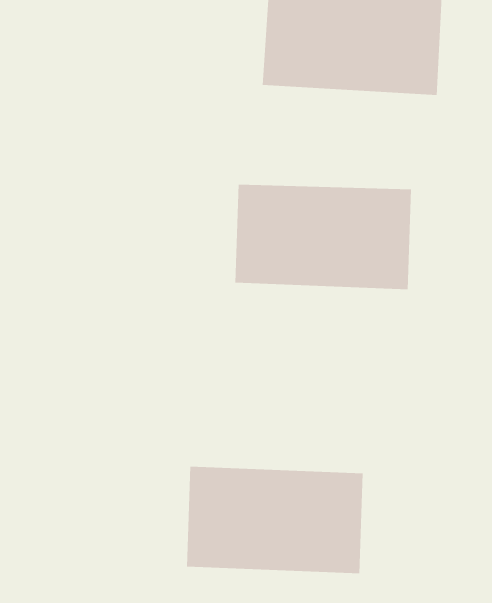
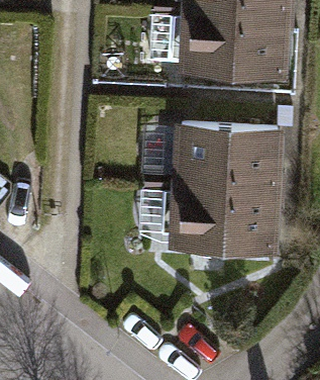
building: [186,466,363,574] -> [163,186,268,250]

